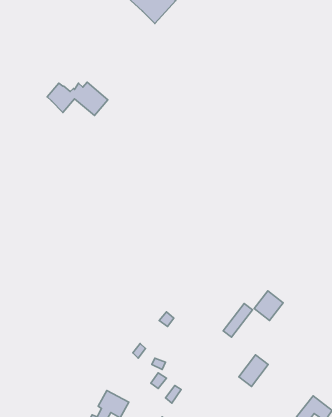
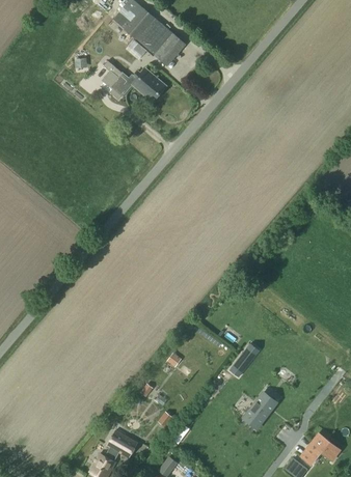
building: [47,82,108,116] -> [105,67,165,101]
building: [254,291,283,321] -> none

